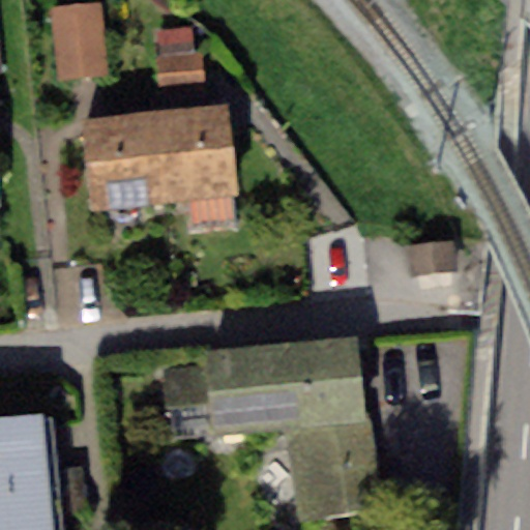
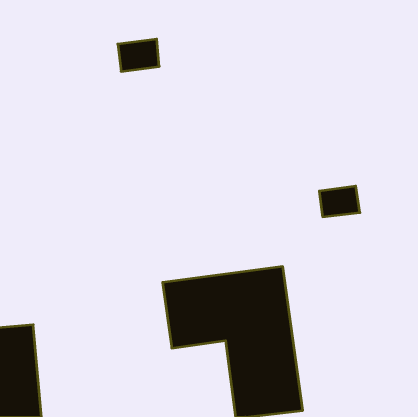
building: [52,4,107,80] -> none
building: [96,119,239,205] -> none

